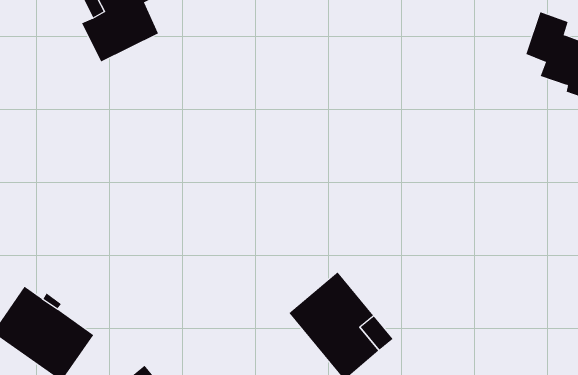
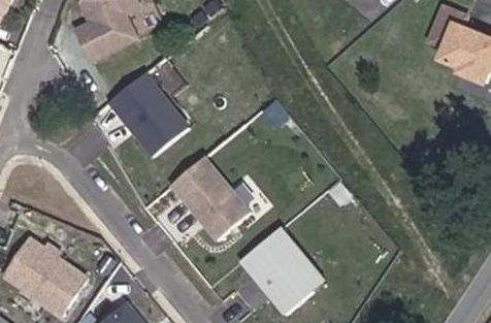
building: none -> [109,71,189,155]
building: none -> [170,155,250,238]

